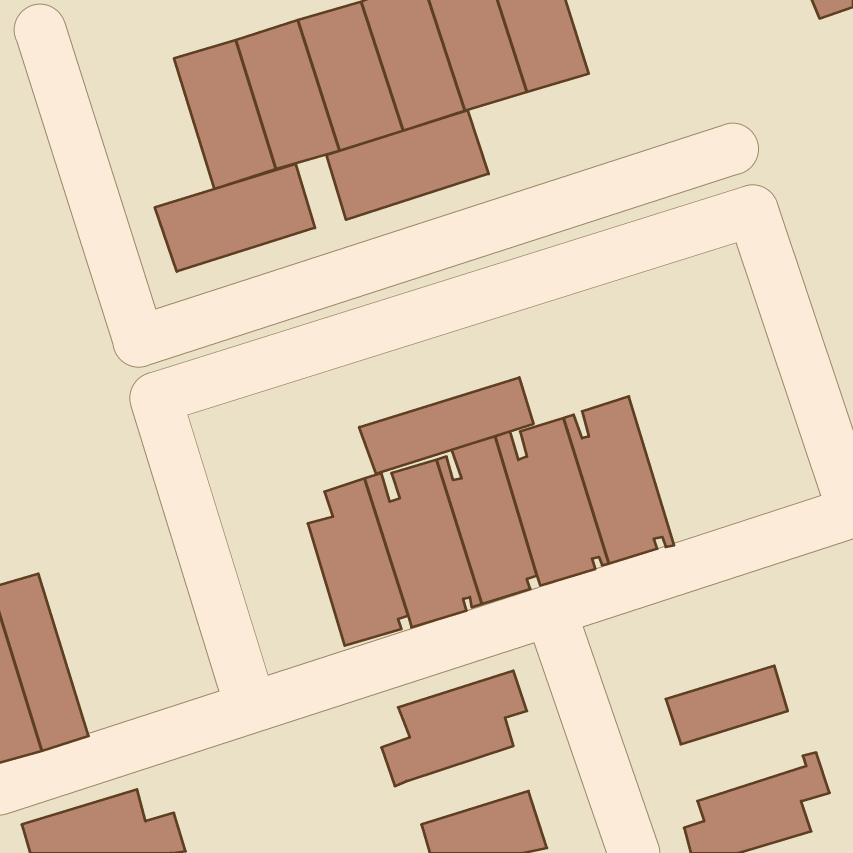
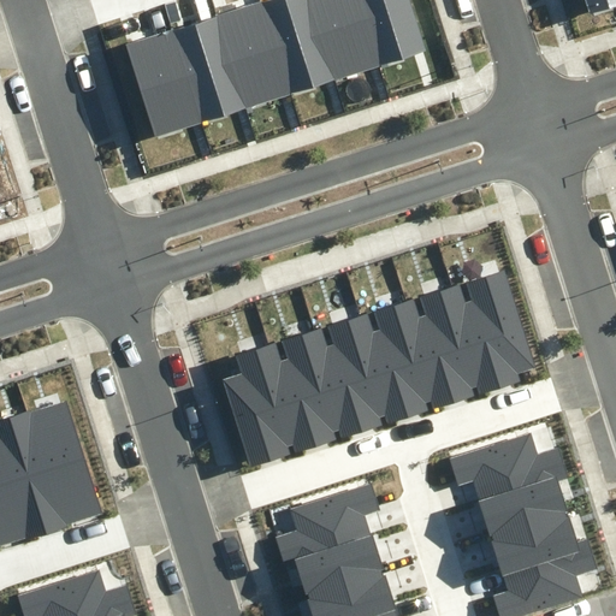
building: [326,110,489,220] -> none
building: [155,164,315,272] -> none
building: none -> [452,268,534,392]
building: [359,377,533,474] -> none
building: none -> [28,402,97,529]
building: none -> [449,433,567,503]
building: none -> [490,511,580,576]
building: none -> [292,537,380,593]

